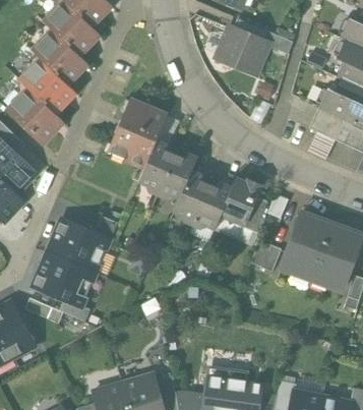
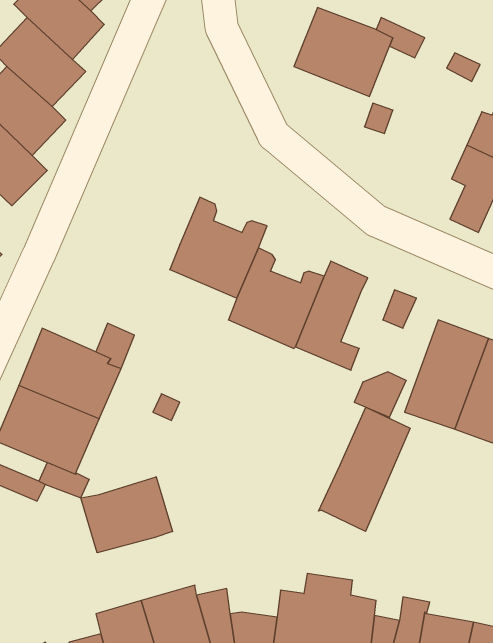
building: [107,99,167,167] -> none
building: [242,195,266,233] -> none
building: none -> [319,407,410,531]
building: none -> [81,477,173,553]

